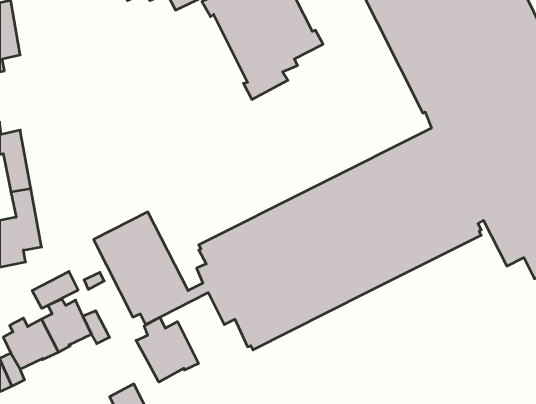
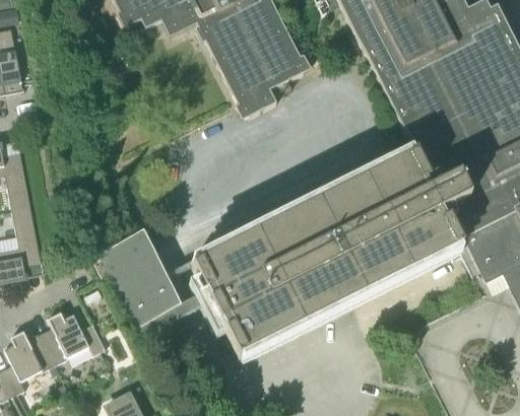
building: [32,271,78,308] -> none
building: [136,317,198,382] -> none

